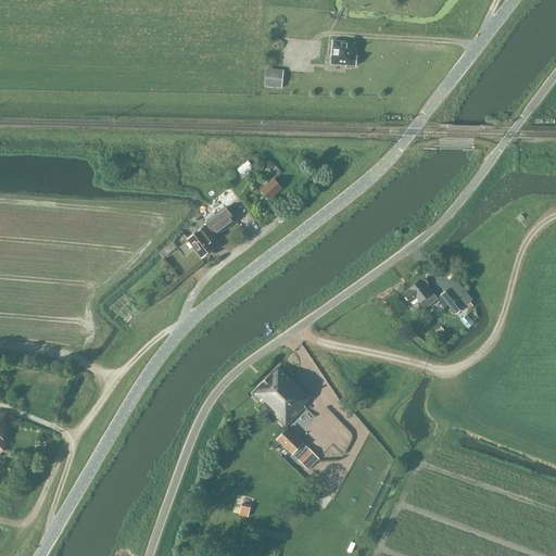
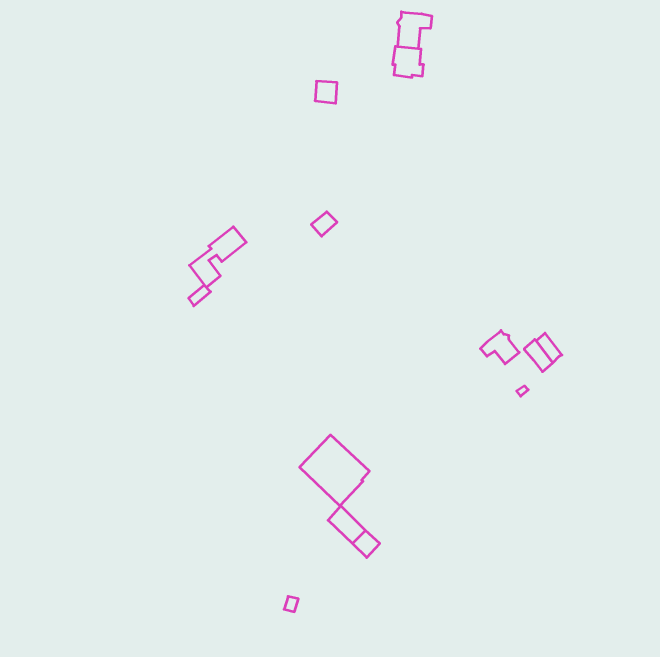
building: none -> [397,12,432,49]
building: [189,205,237,256] -> [189,227,246,287]

